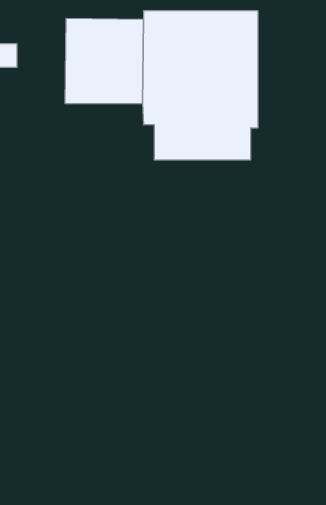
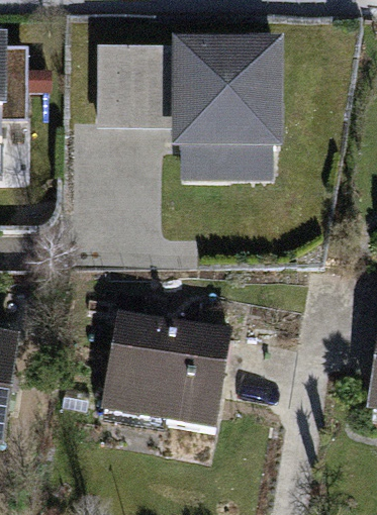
building: none -> [101,309,231,427]

